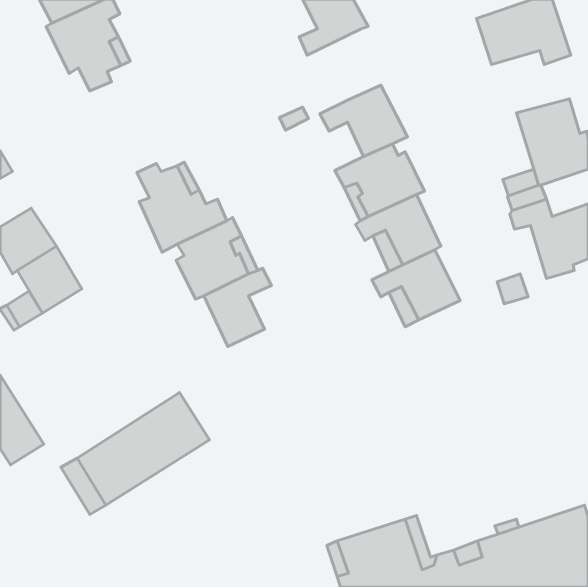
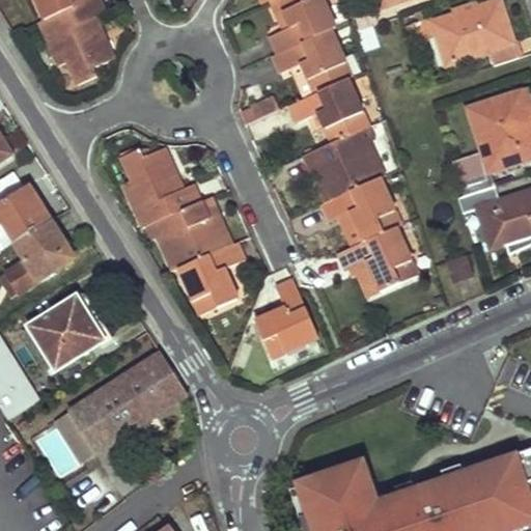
building: none -> [272,26,348,90]
building: none -> [253,278,322,358]
building: none -> [28,298,104,370]

